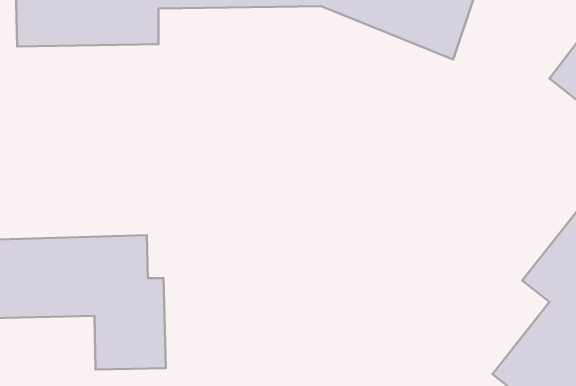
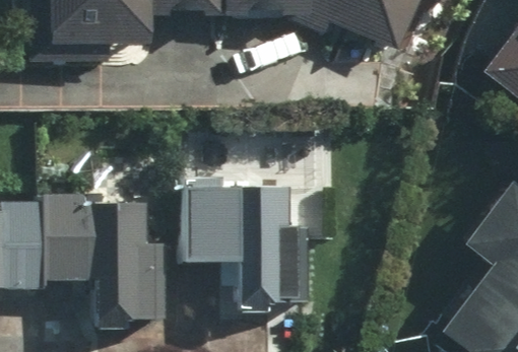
building: none -> [189,184,305,308]

